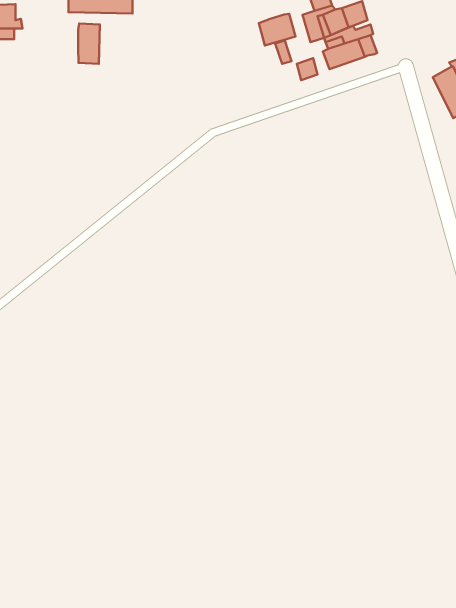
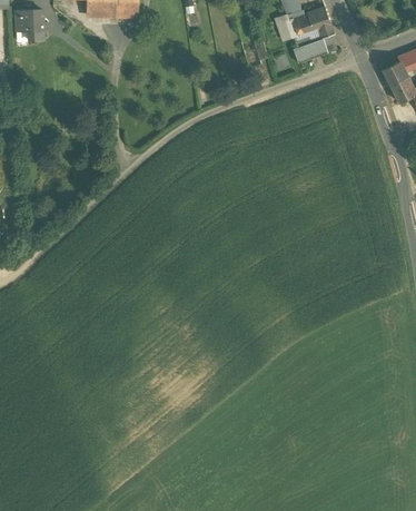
building: [259,14,295,46] -> none
building: [78,23,100,64] -> none

